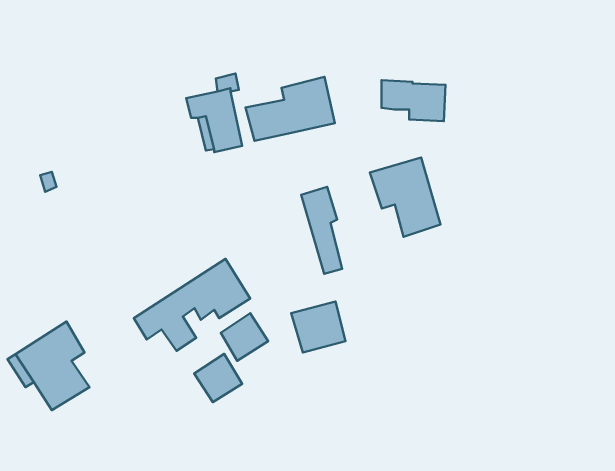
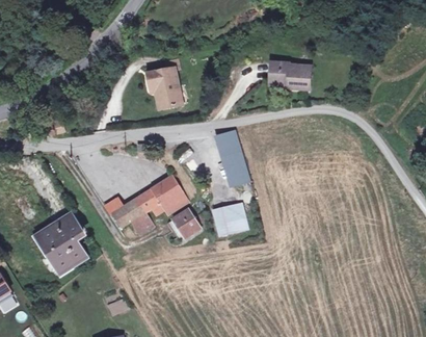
building: [246,77,335,141] -> none
building: [370,158,441,237] -> none
building: [194,354,242,402] -> none

